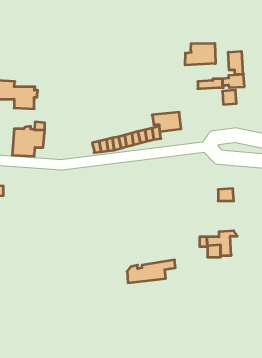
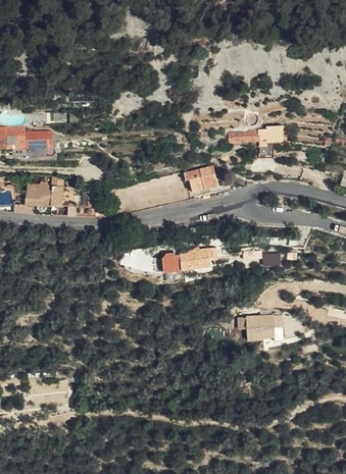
building: [185,43,215,65] -> none
building: [228,51,243,75] -> none
building: [127,260,175,283] -> [161,244,217,270]

